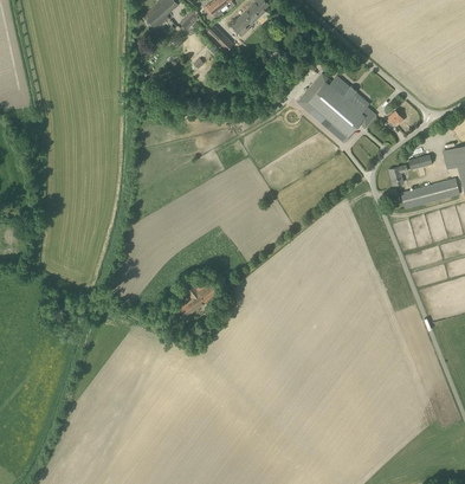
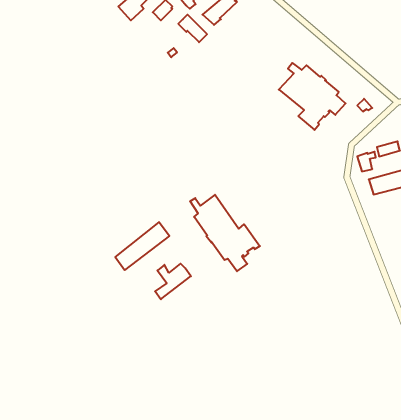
building: none -> [190,195,260,271]
building: none -> [115,222,169,270]

